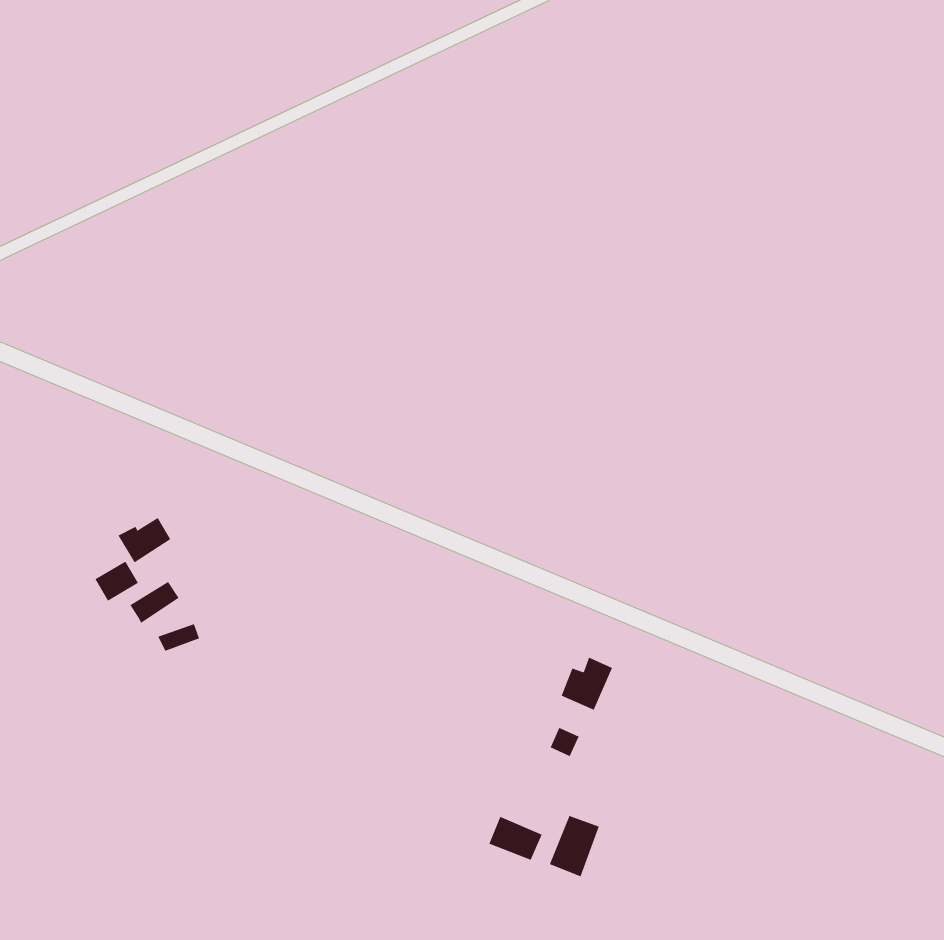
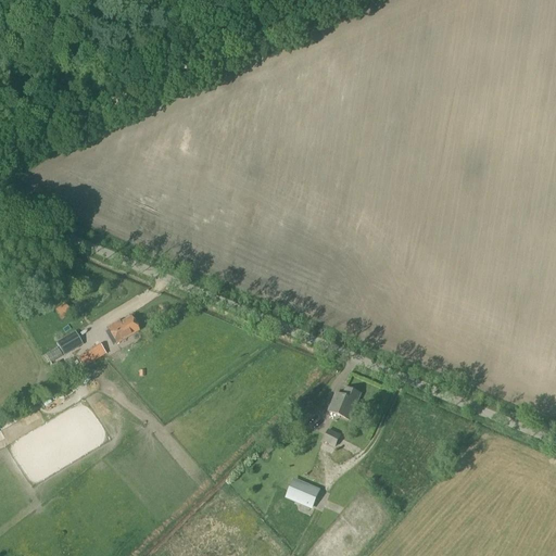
building: [117,517,171,563] -> [106,315,138,342]
building: [549,815,599,877] -> none

